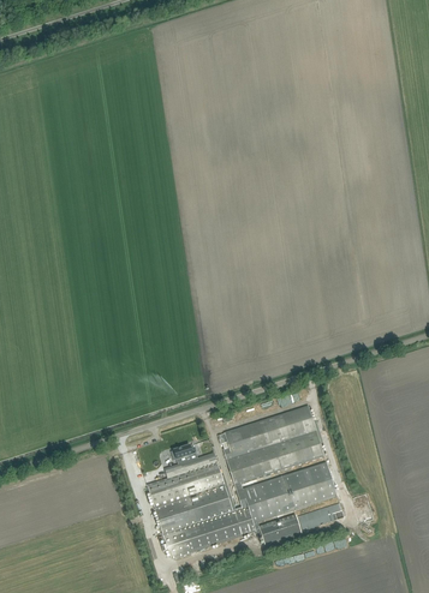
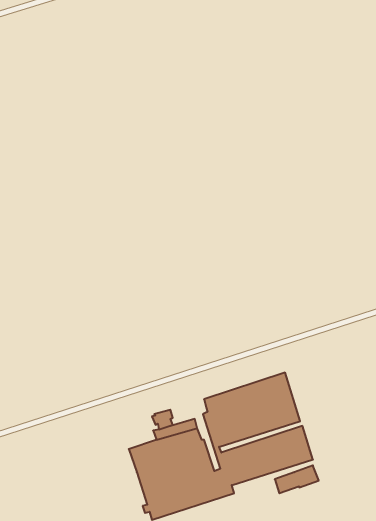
building: [252,514,300,544] -> none

